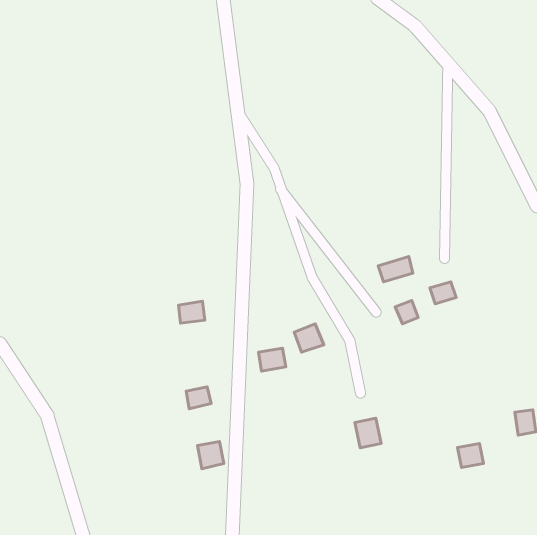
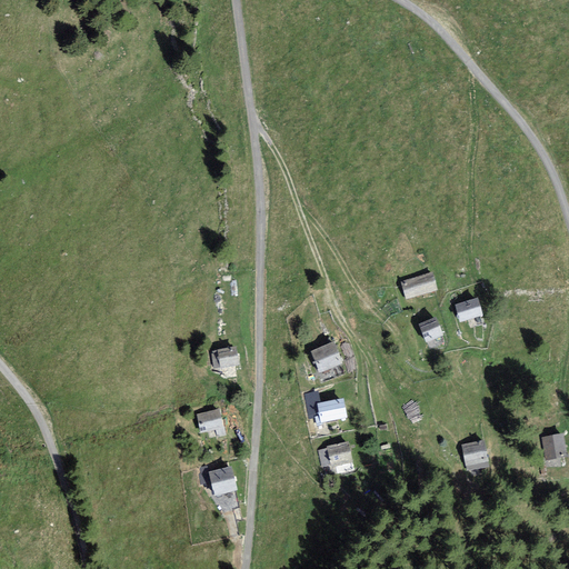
building: [178,301,205,323] -> [210,345,238,368]
building: [258,348,286,371] -> [318,398,347,422]
building: [355,418,381,448] -> [326,440,353,471]
building: [457,443,484,468] -> [460,439,488,465]

